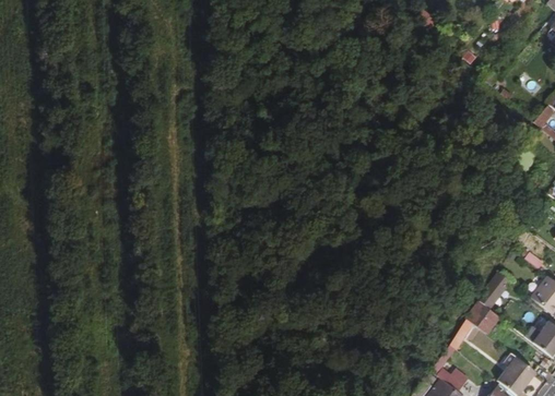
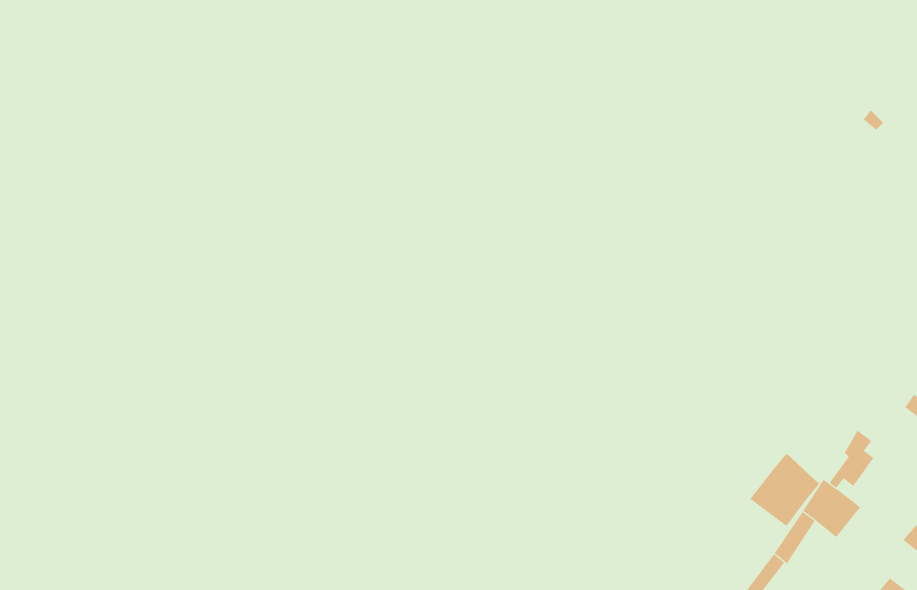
building: none -> [750,453,820,527]

